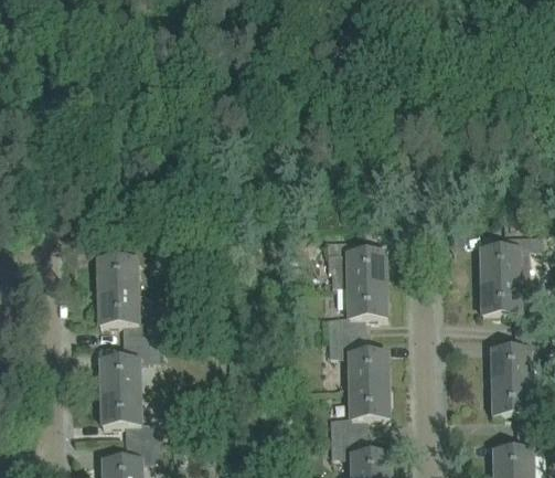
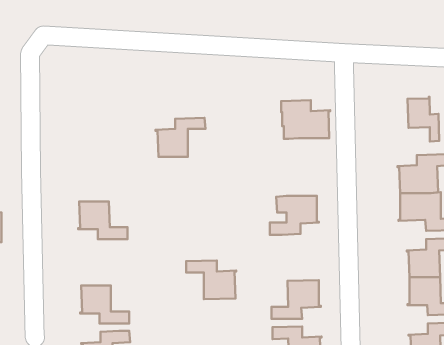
building: none -> [408,97,439,142]
building: [325,235,384,282] -> [281,100,330,139]
building: [96,241,156,287] -> [156,118,206,157]
building: [327,336,386,382] -> [186,260,236,299]
building: [99,341,157,387] -> none

